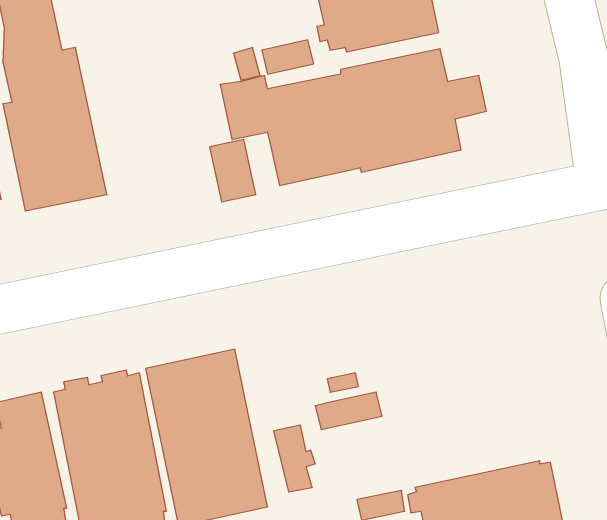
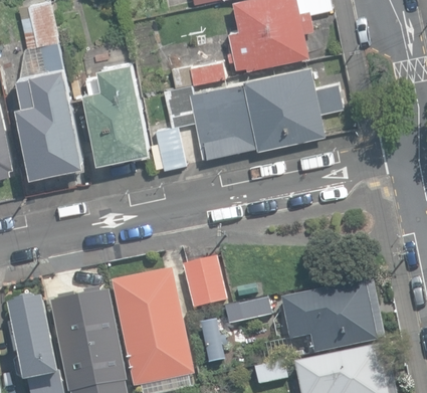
building: none -> [83,60,152,163]
building: none -> [182,258,226,311]
building: none -> [280,282,383,356]

